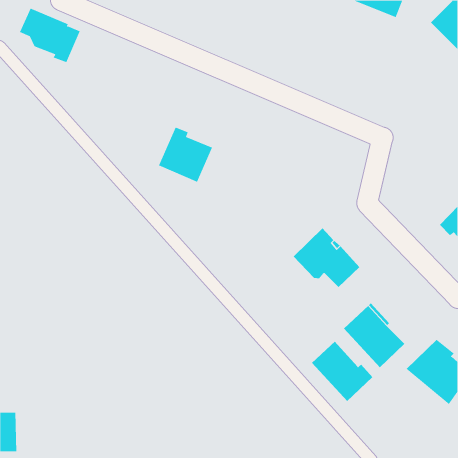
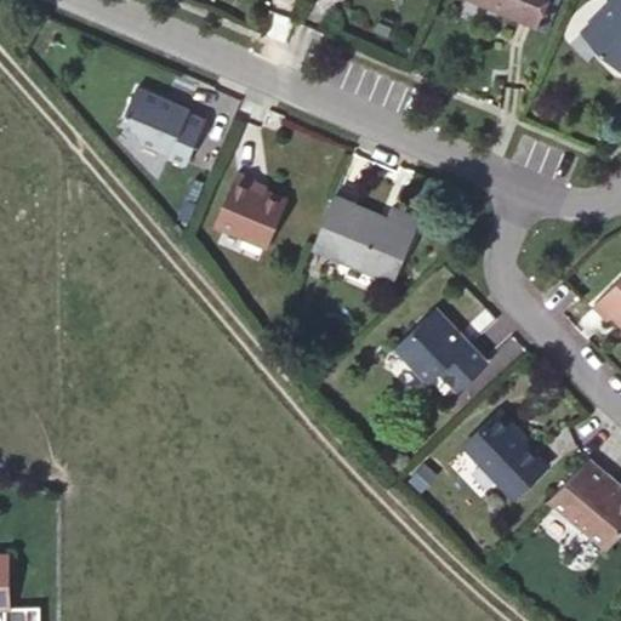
building: [19,8,80,63] -> [123,90,205,164]
building: none -> [312,196,420,284]
building: [311,341,373,402] -> none

